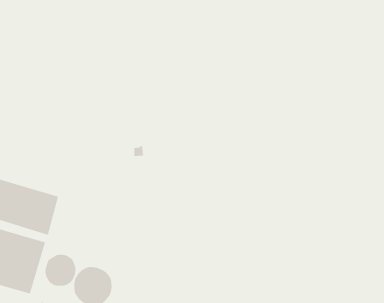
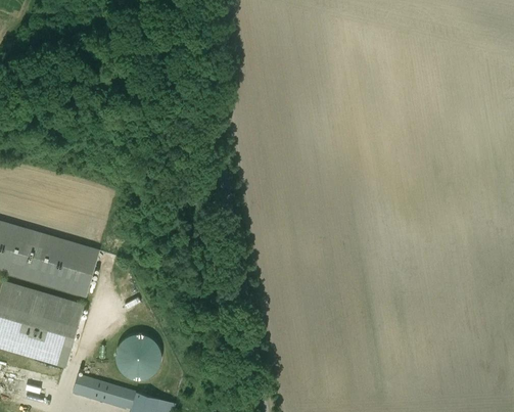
building: [45,254,76,287] -> none

